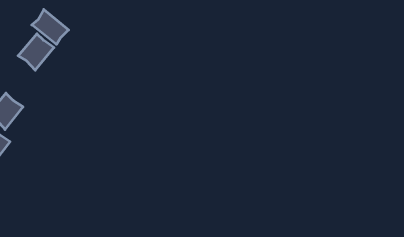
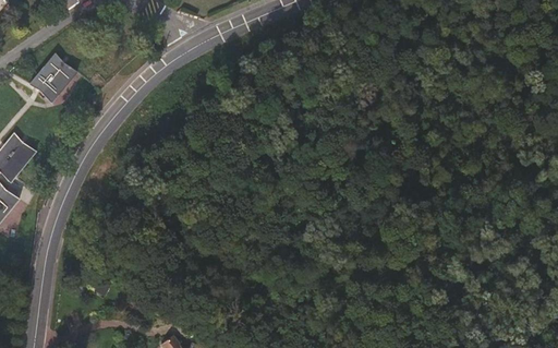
building: [32,9,69,44] -> none

